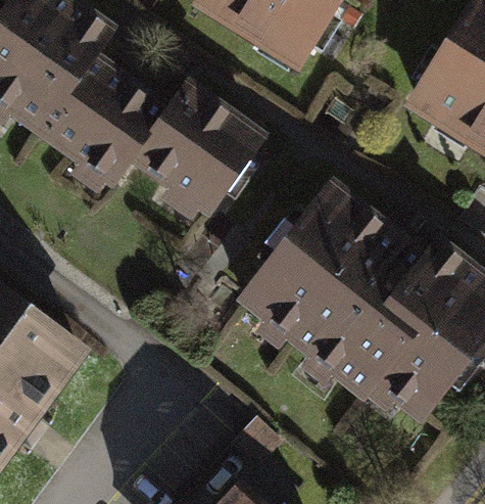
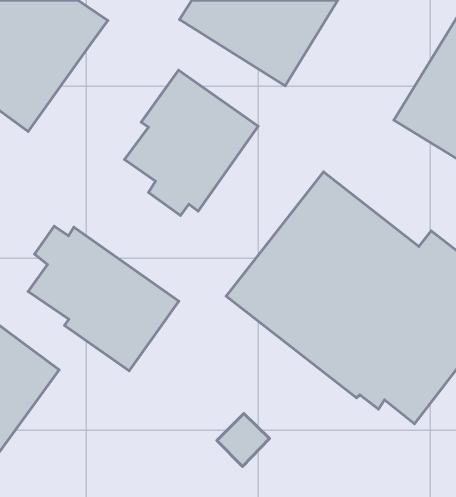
building: [41,48,171,189] -> none
building: none -> [28,226,179,371]

